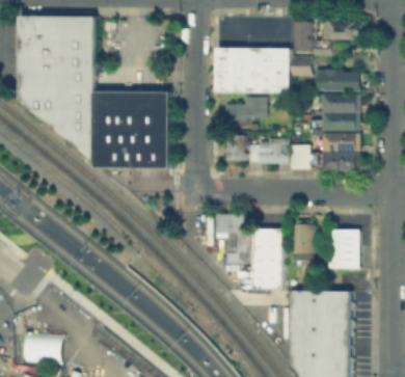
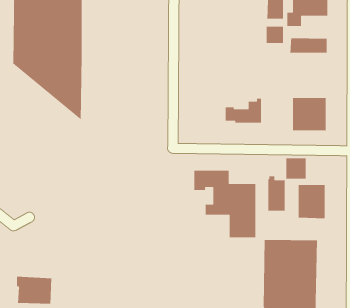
building: [217,48,292,92] -> none
building: [92,88,168,166] -> none
building: [324,95,361,128] -> none
building: [226,97,268,126] -> none
building: [225,130,248,160] -> none
building: [291,144,314,168] -> [286,158,306,179]

